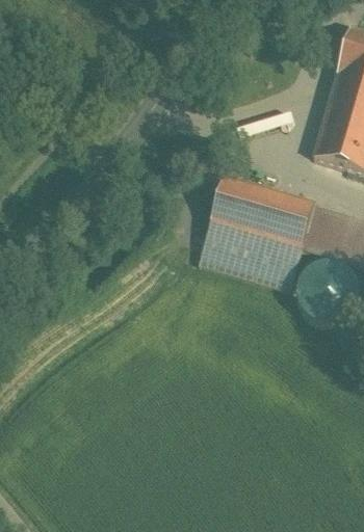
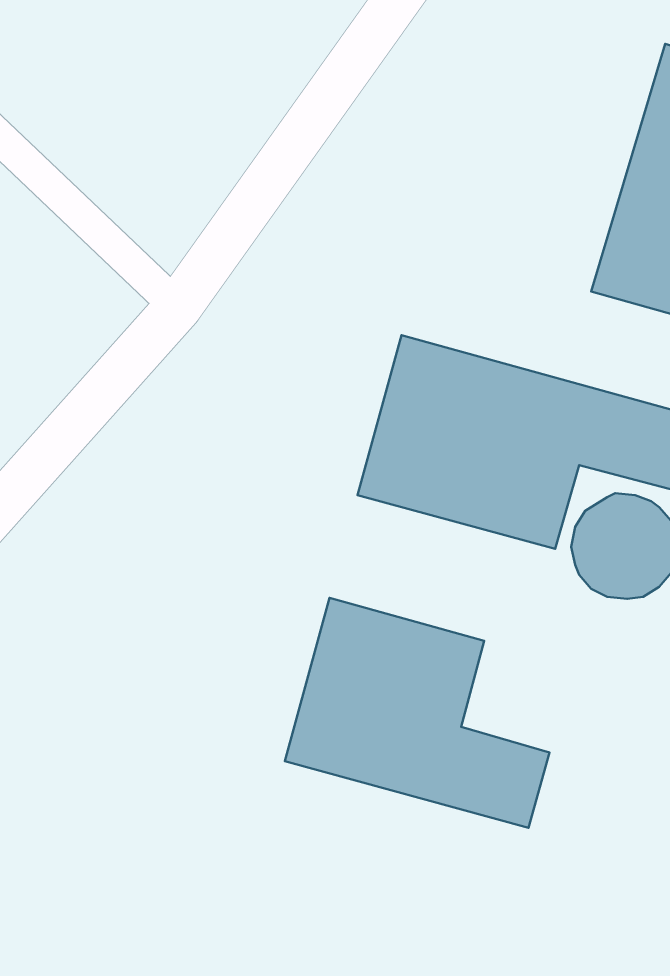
building: none -> [285,598,550,828]

